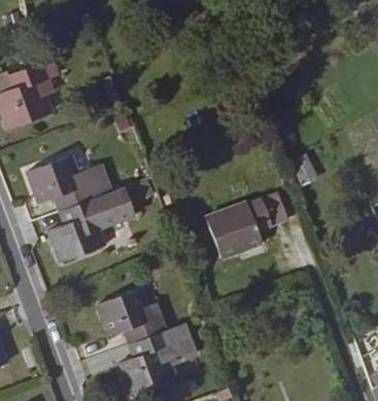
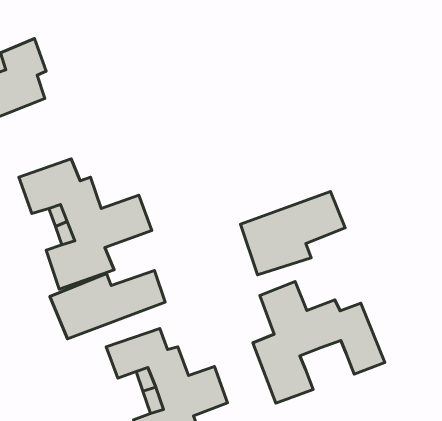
building: none -> [50,270,165,339]
building: none -> [253,281,385,403]

